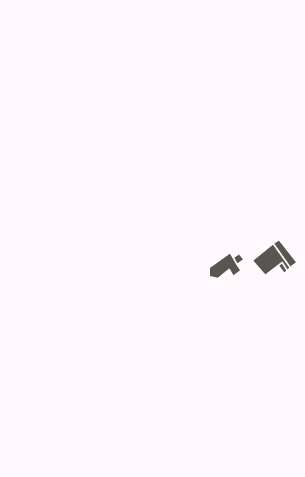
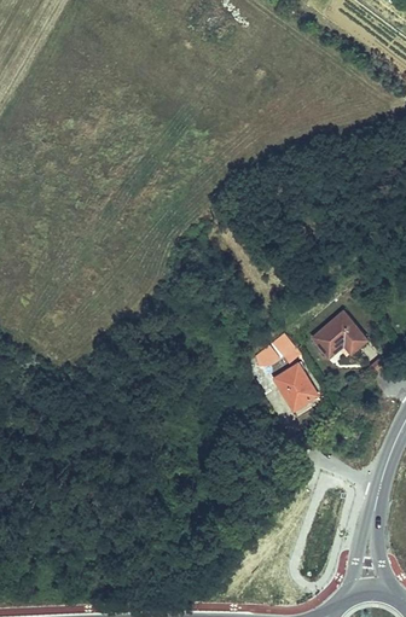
building: none -> [274,362,313,404]

